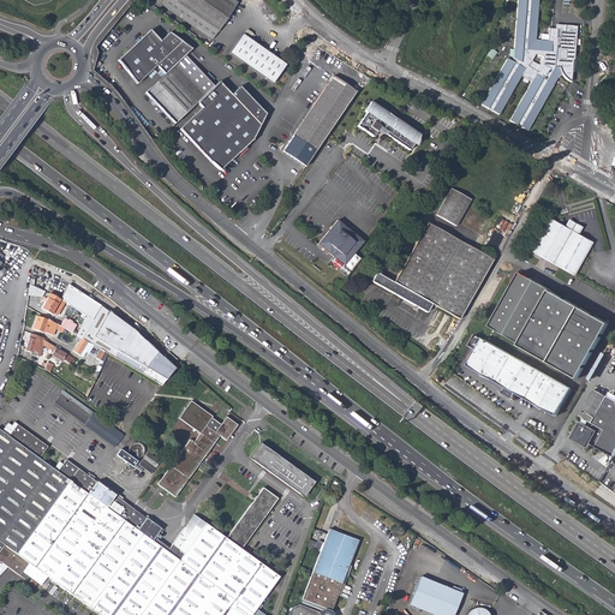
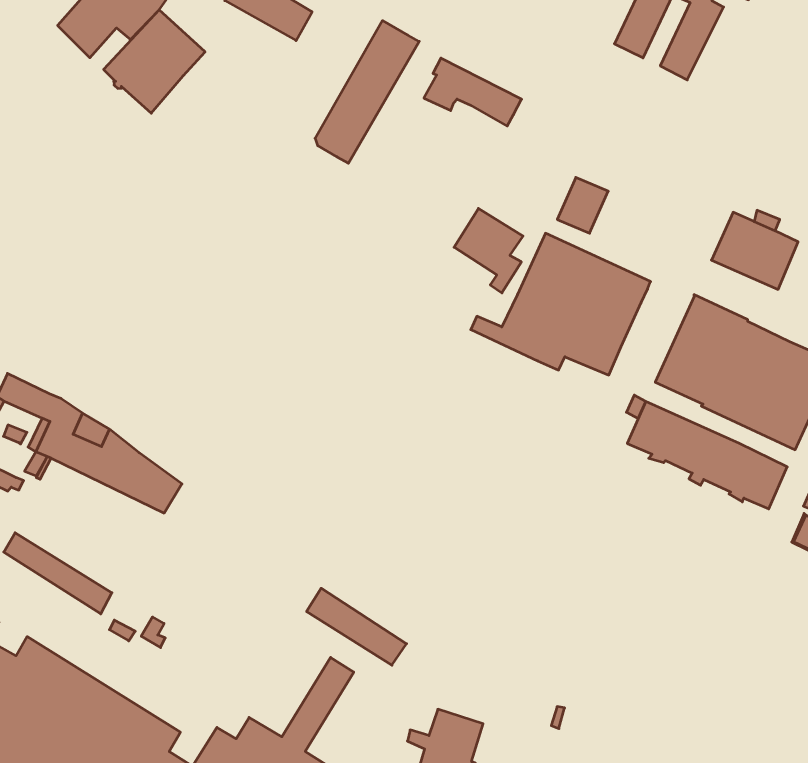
building: [181,80,265,168] -> none
building: [318,220,364,276] -> [454,208,523,293]
building: [157,400,238,496] -> none

